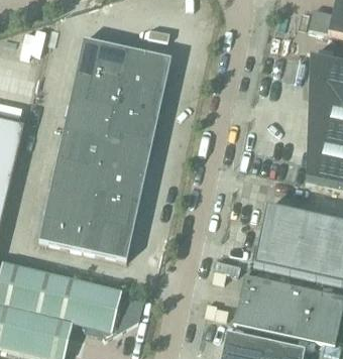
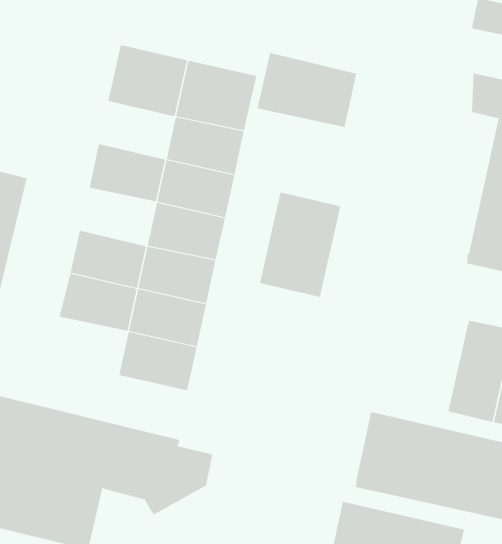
building: none -> [257,52,357,128]
building: [69,74,118,111] -> none
building: [56,129,106,166] -> none
building: [253,205,306,272] -> [259,192,341,298]
building: [37,212,88,249] -> none

